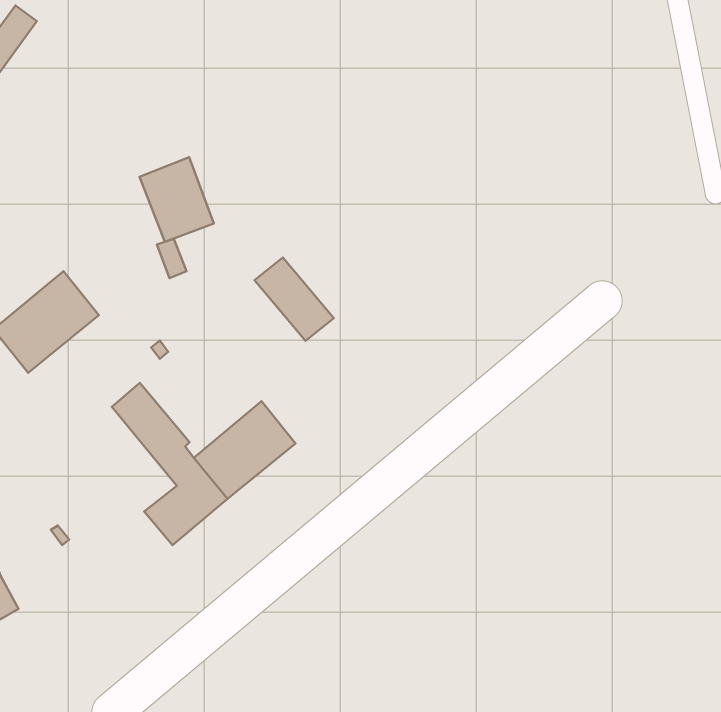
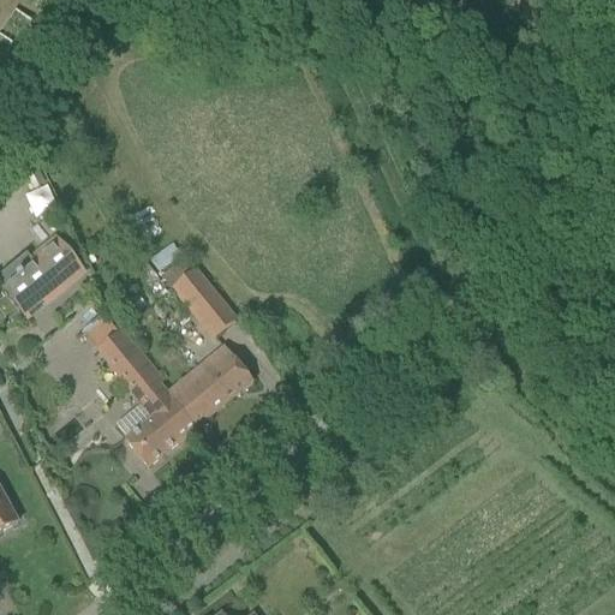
building: [139,157,214,242] -> none
building: [255,258,334,341] -> [168,264,235,335]

